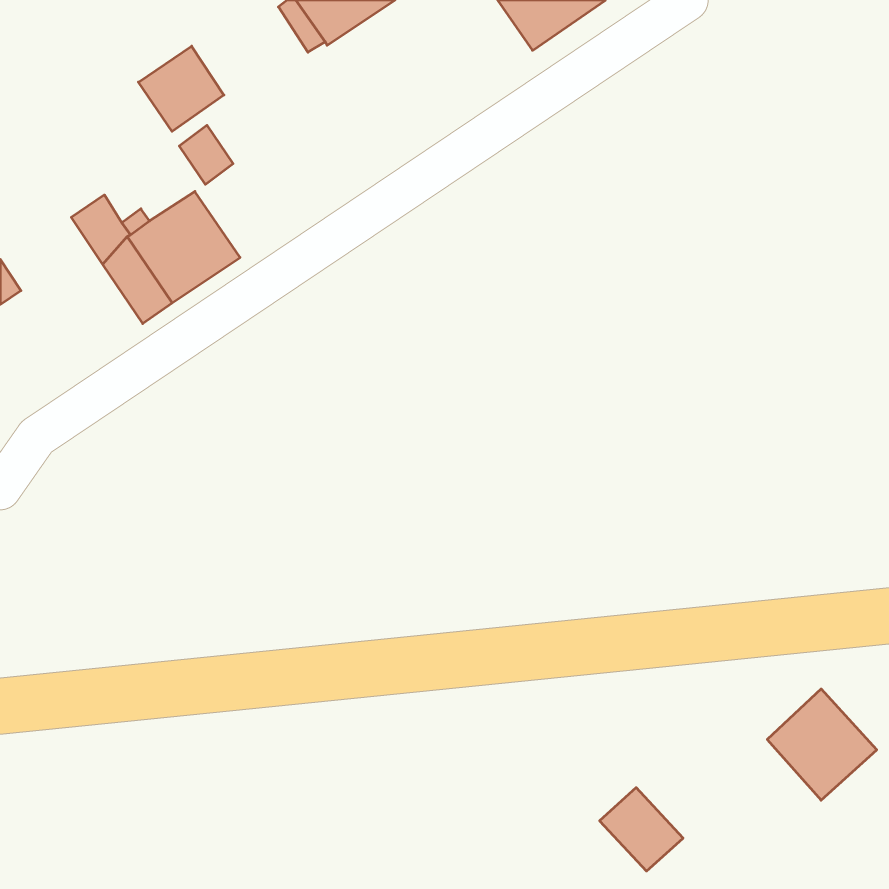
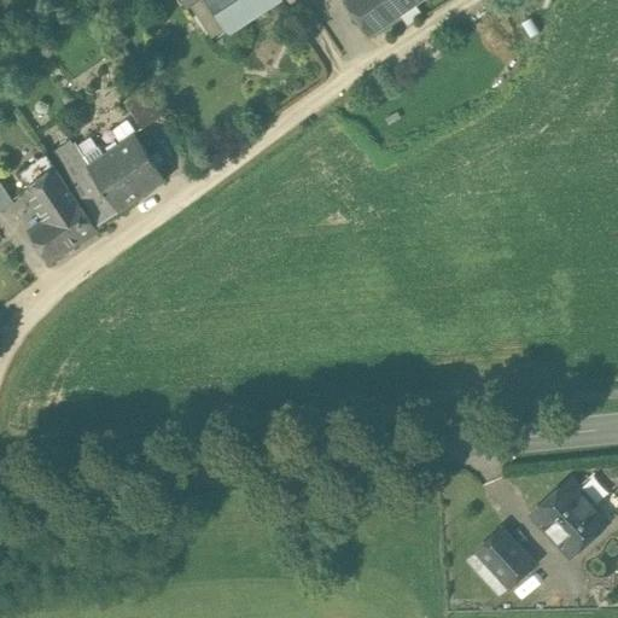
building: [138,46,224,131] -> none
building: none -> [16,152,98,260]
building: [600,788,683,871] -> [477,527,535,585]

